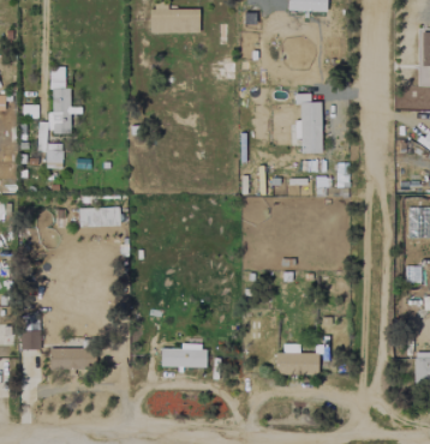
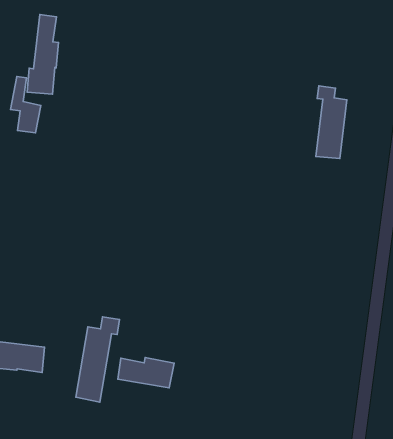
building: [82,208,121,226] -> none
building: none -> [76,317,120,402]
building: [276,353,319,376] -> none

